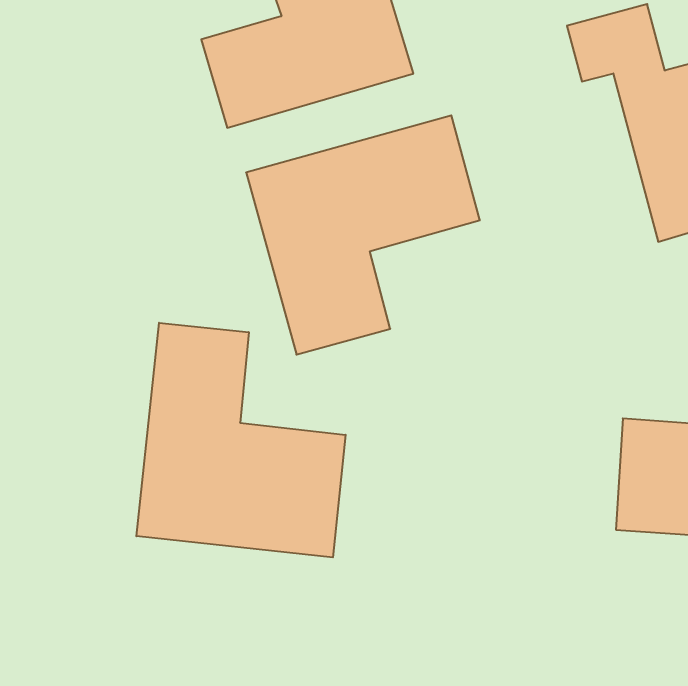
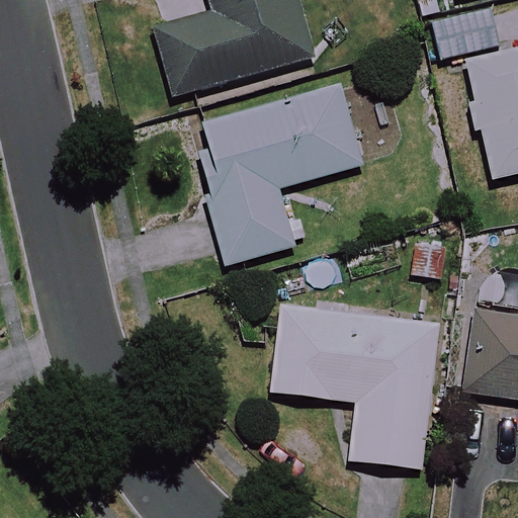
building: [136,323,346,557] -> none
building: none -> [270,306,442,467]

